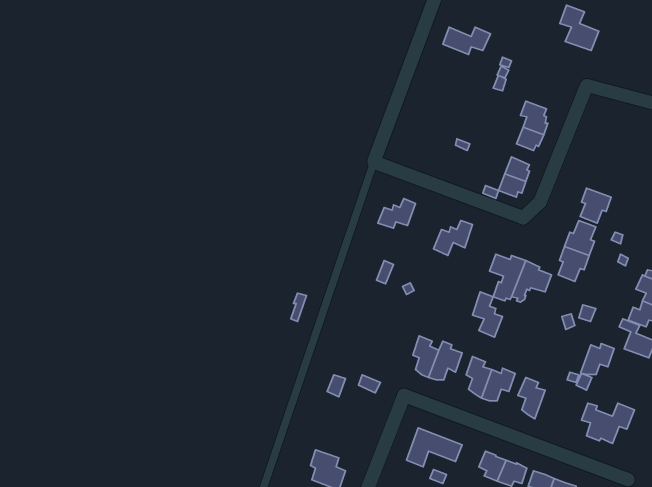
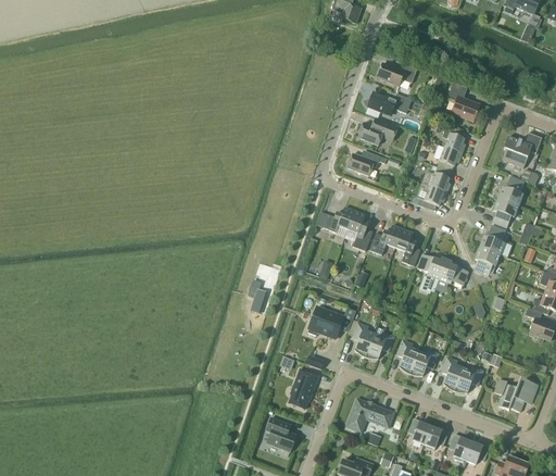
building: [560,5,599,51] -> [446,83,479,121]
building: none -> [367,92,412,114]
building: none -> [357,118,397,145]
building: none -> [501,133,542,167]
building: none -> [348,151,387,175]
building: none -> [497,176,523,205]
building: none -> [348,211,372,251]
building: [473,292,502,337] -> [395,228,420,266]
building: none -> [306,306,343,338]
building: [580,343,614,375] -> [454,366,482,392]
building: none -> [288,368,318,409]

